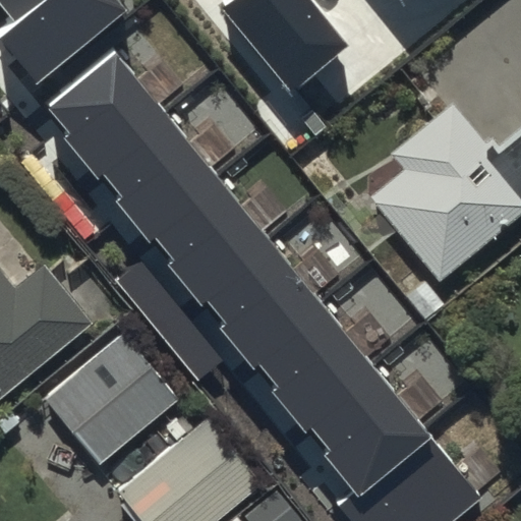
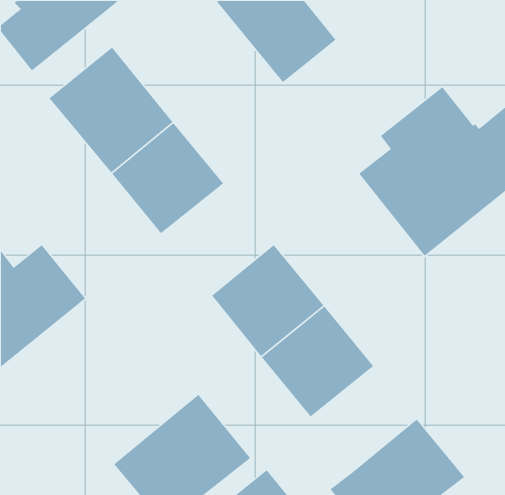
building: [167,200,283,315] -> none
building: [43,327,210,465] -> none
building: [321,388,429,495] -> none

